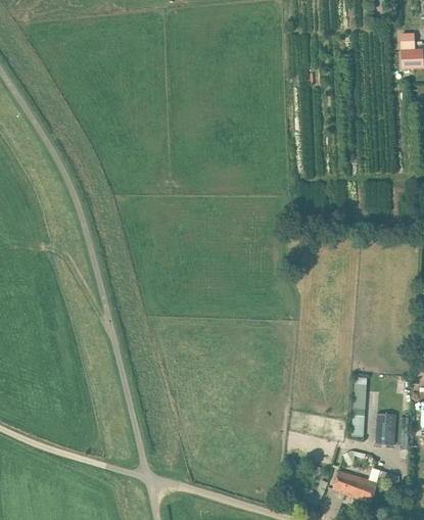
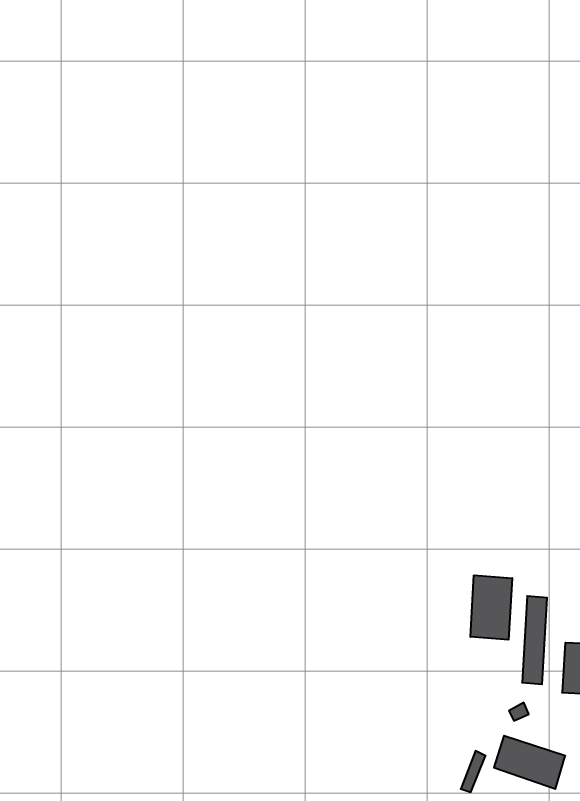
building: none -> [470,575,512,640]

